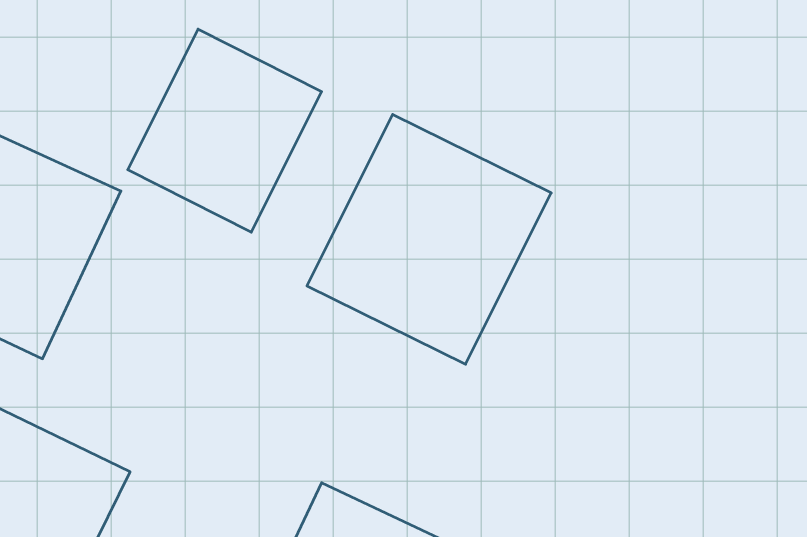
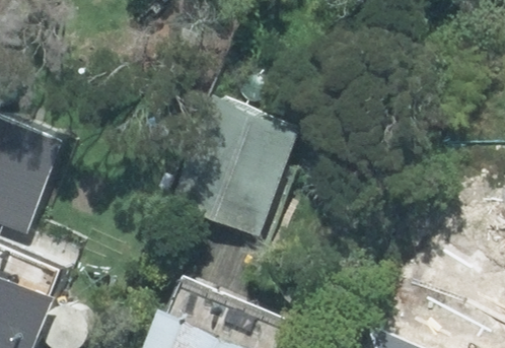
building: [128,29,322,232] -> none

